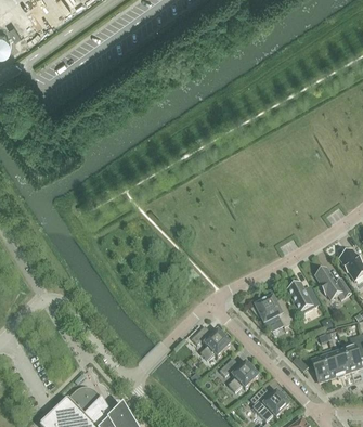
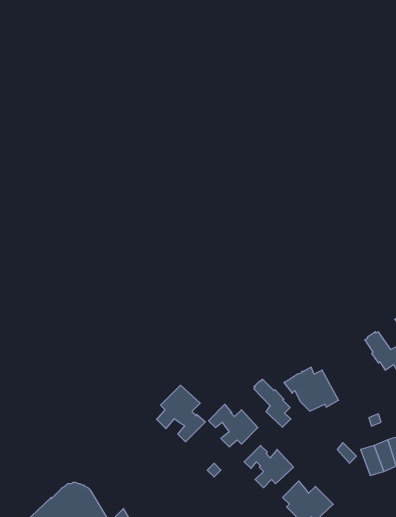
building: [286,281,319,311] -> none
building: none -> [254,379,291,427]
building: none -> [157,385,205,442]

